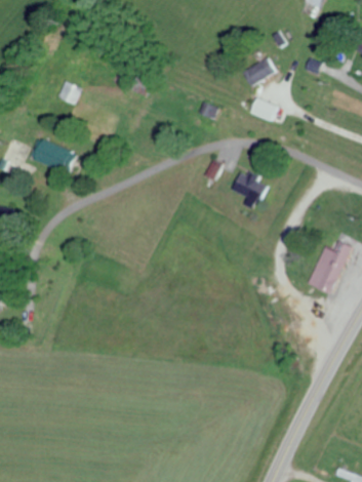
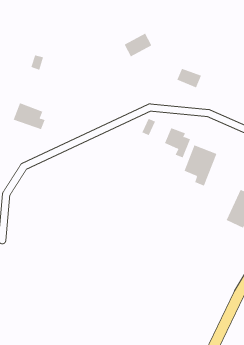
building: [239,56,274,86] -> [124,33,152,57]
building: none -> [184,145,217,186]

